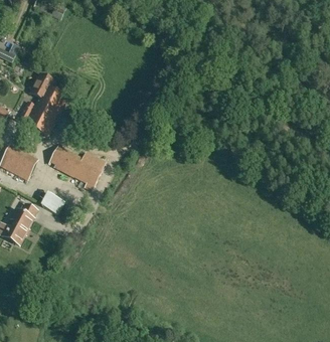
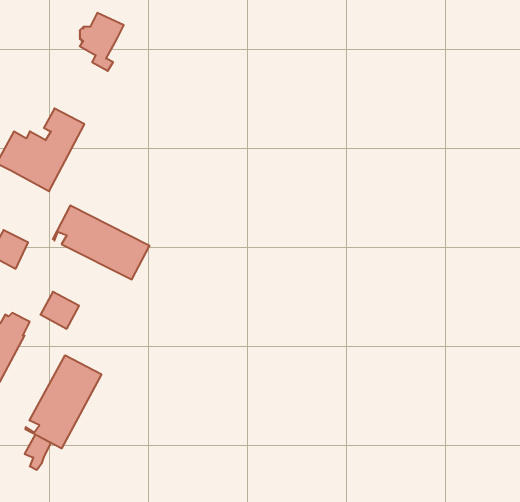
building: [28,72,53,106] -> [80,13,124,71]
building: none -> [25,355,101,448]

